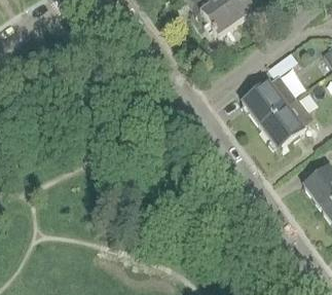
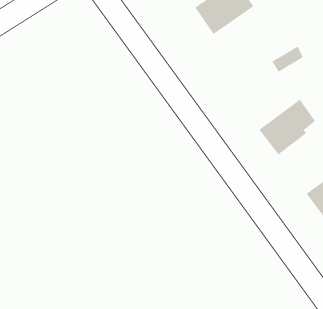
building: [238,70,296,123] -> none

